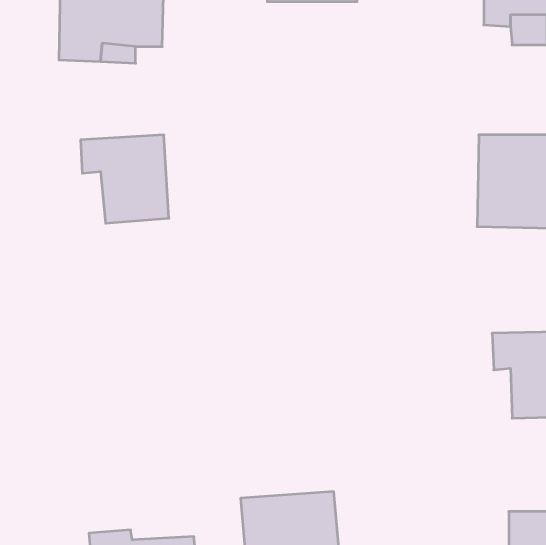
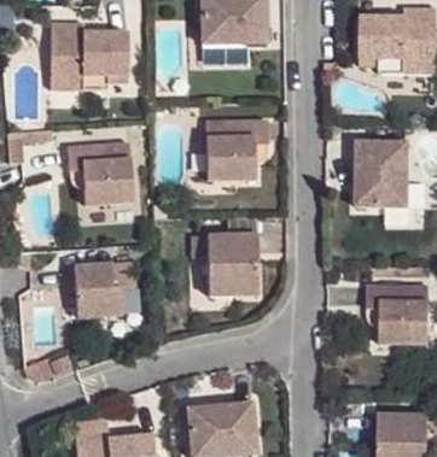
building: none -> [208,118,267,178]
building: none -> [208,232,256,293]
building: none -> [75,259,134,316]

